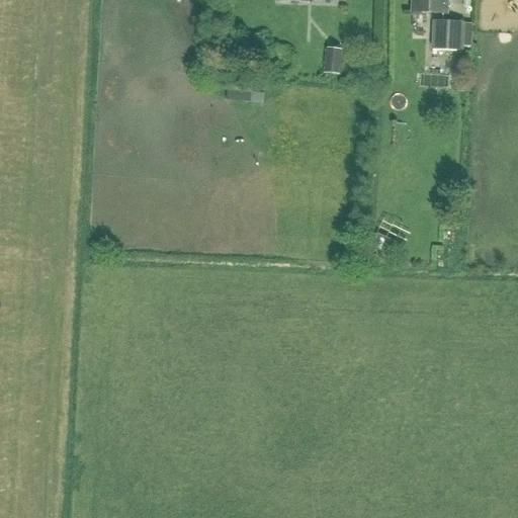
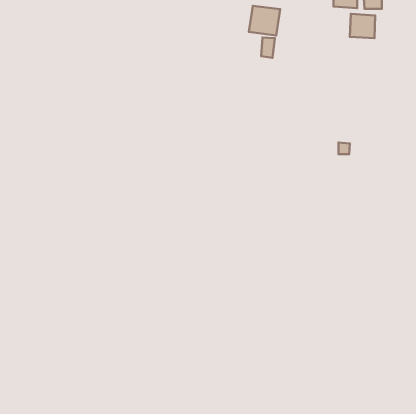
building: none -> [249,6,280,35]

